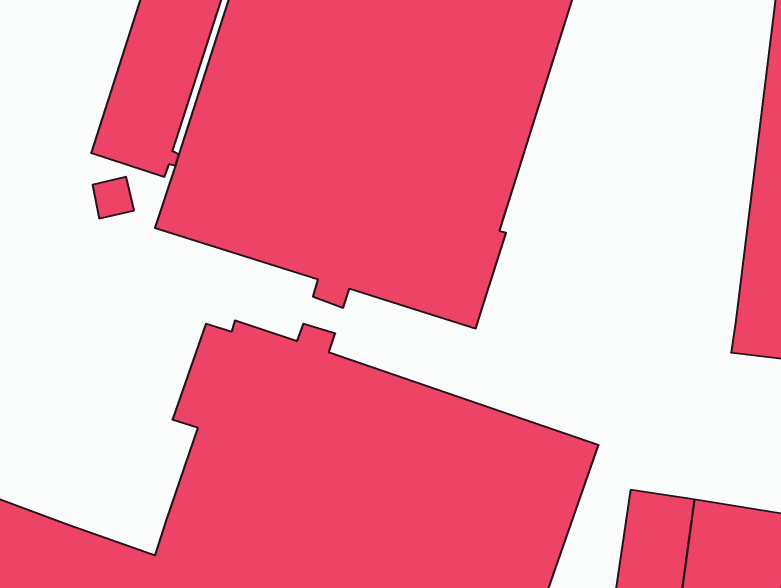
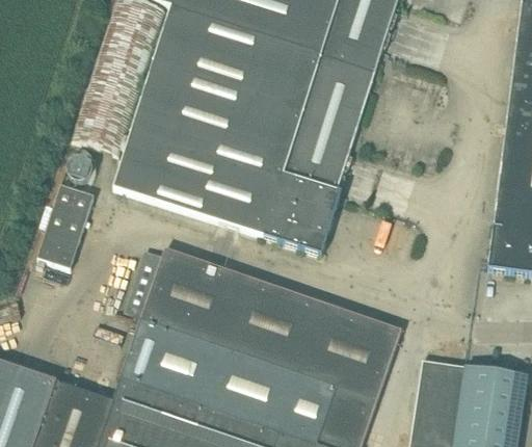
building: none -> [37,186,94,269]

